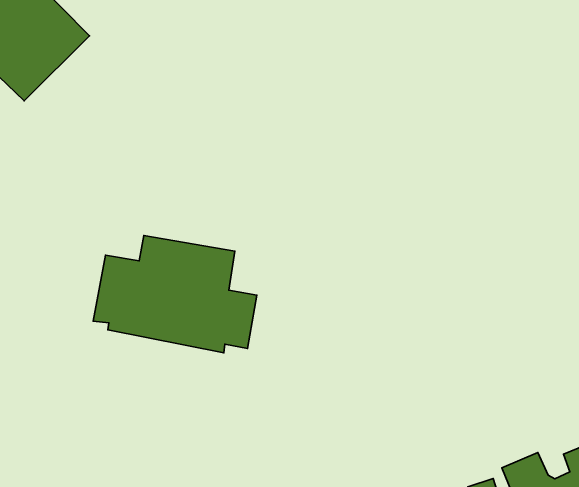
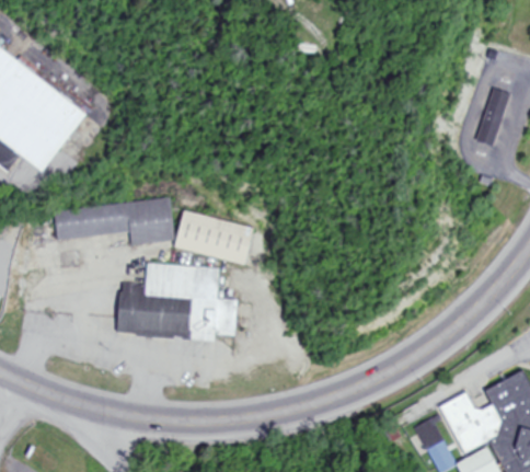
building: none -> [54,198,172,245]
building: none -> [175,210,255,265]

